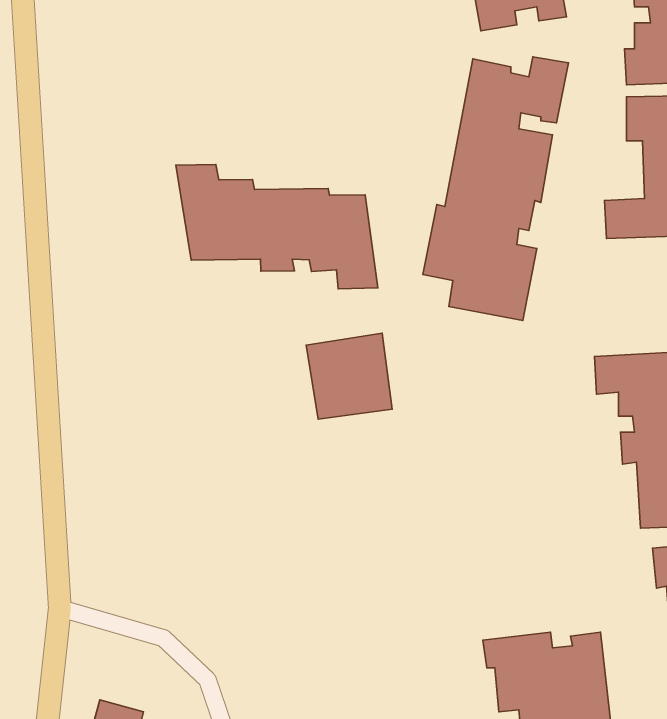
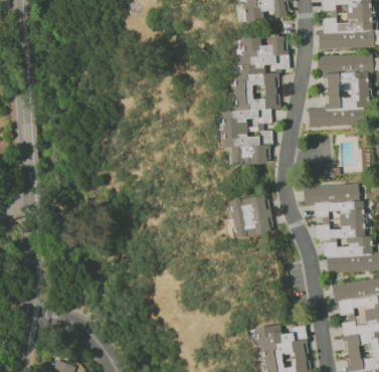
building: [176,165,378,289] -> none
building: [306,333,392,419] -> [229,194,272,237]

